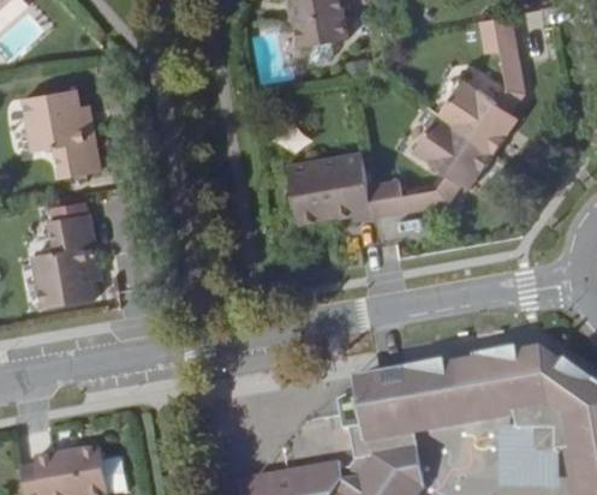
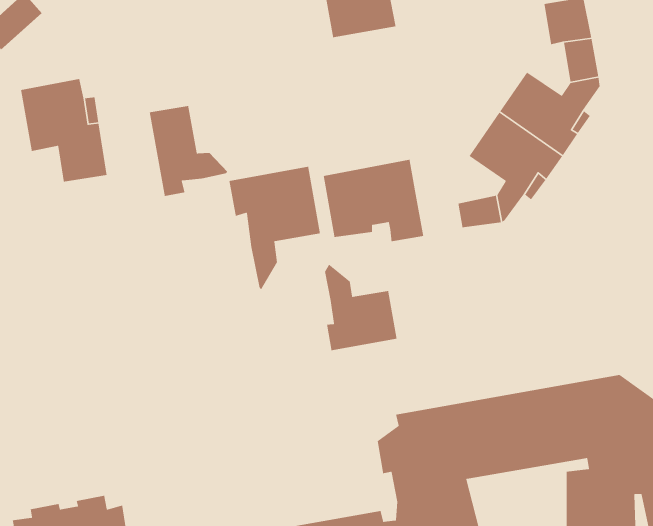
building: none -> [149,105,228,197]
building: none -> [228,166,321,291]
building: [368,177,407,222] -> none
building: [20,216,97,305] -> none
building: none -> [324,263,398,351]

